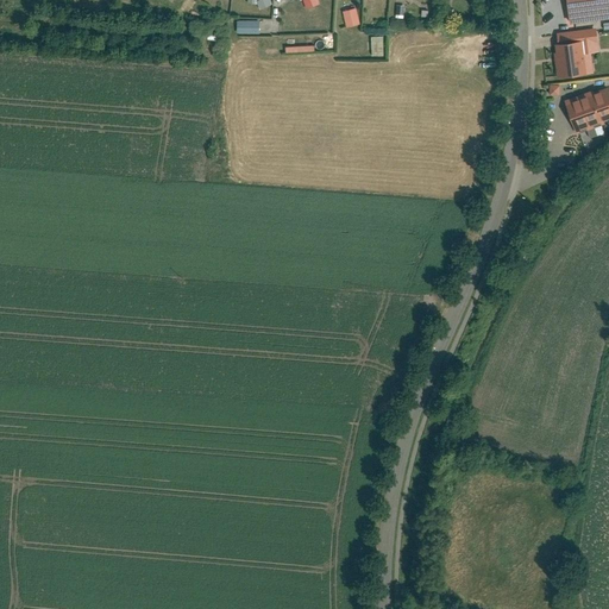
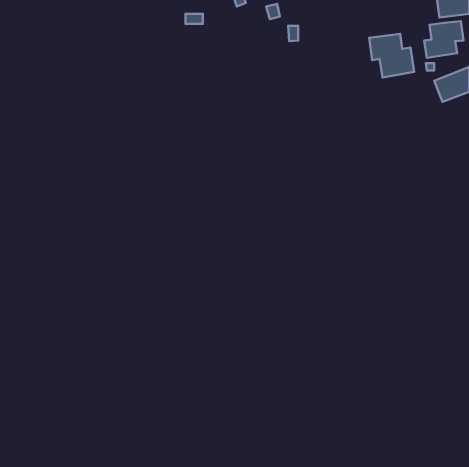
building: none -> [369,34,414,77]

